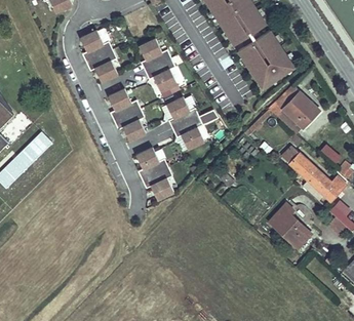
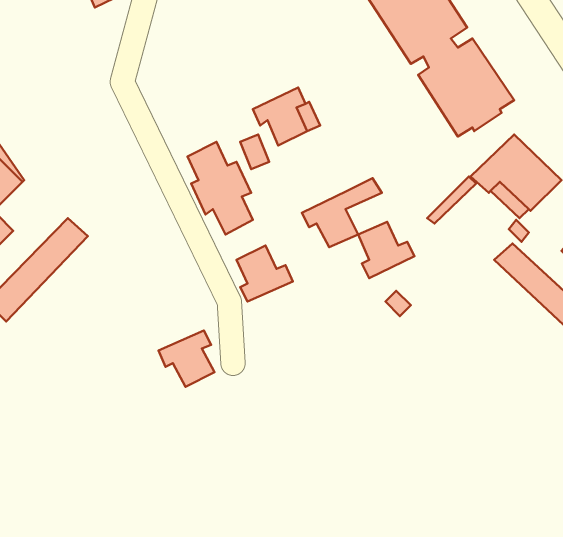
building: [80,31,117,83] -> none
building: [139,39,170,71] -> none
building: [166,97,198,129] -> [358,222,414,278]
building: [142,168,173,200] -> [158,330,215,387]
building: [268,203,310,248] -> none

